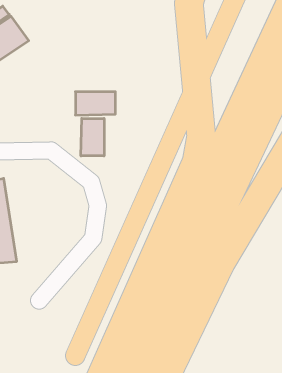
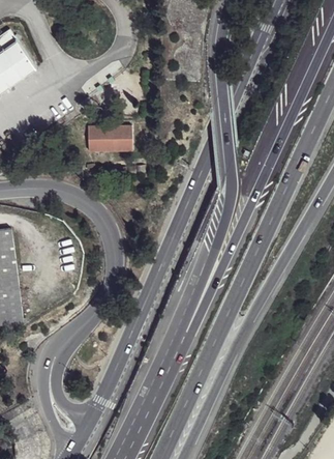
building: [81,118,104,156] -> none

